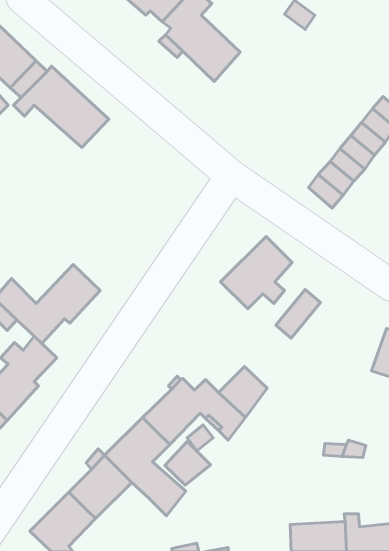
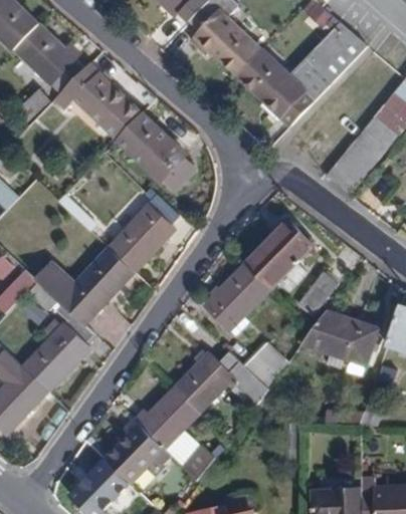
building: none -> [239,23,366,126]
building: none -> [117,112,193,190]
building: none -> [109,195,178,271]
building: none -> [203,263,270,336]
building: none -> [302,311,377,364]
building: [165,441,211,485] -> none

